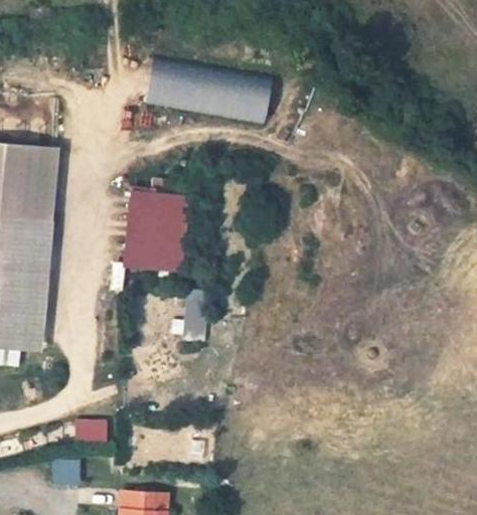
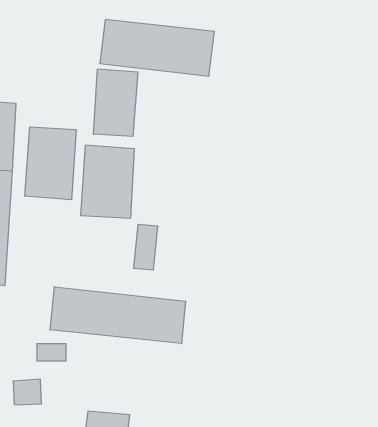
building: none -> [93,69,138,136]
building: none -> [25,127,76,200]
building: none -> [50,287,186,344]

